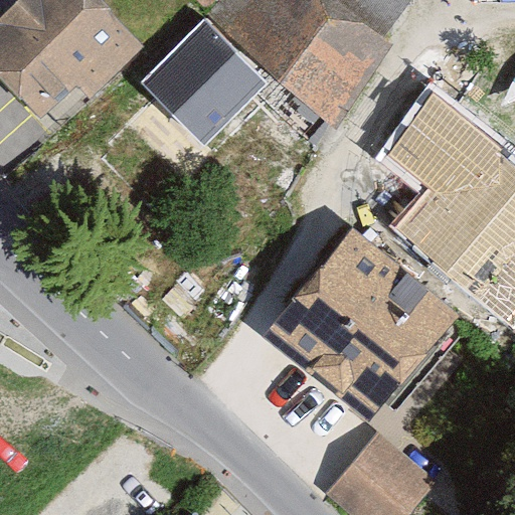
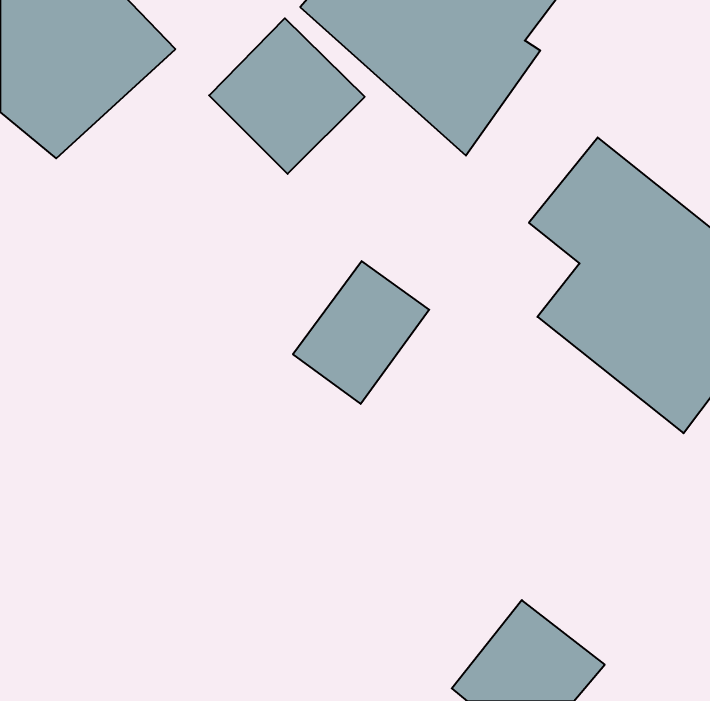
building: none -> [293,261,429,404]
building: [266,227,458,421] -> none

